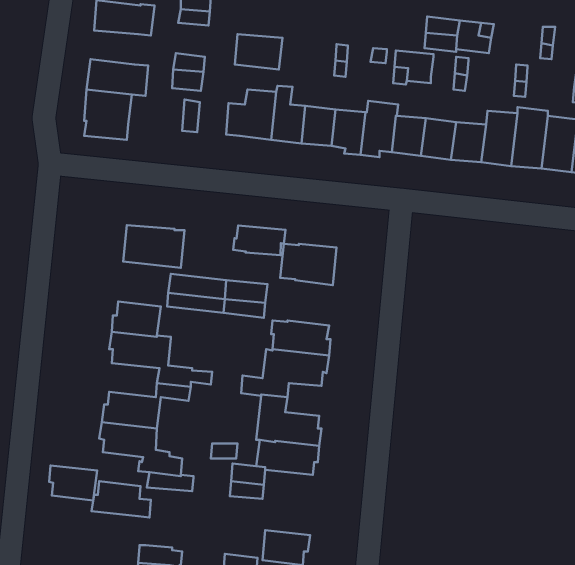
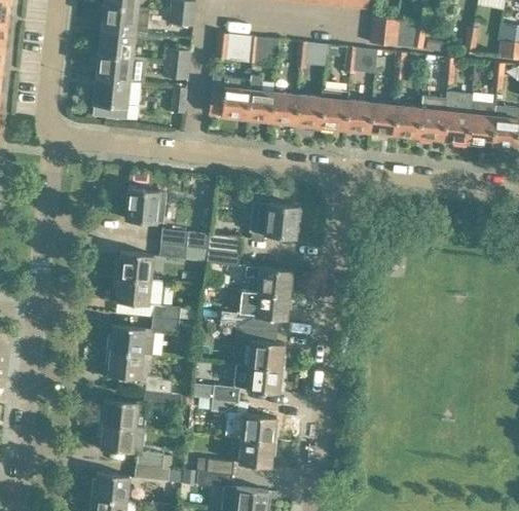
building: none -> [97,30,136,58]
building: none -> [251,36,279,64]
building: [233,226,286,255] -> none
building: [49,465,97,501] -> [97,424,136,452]
building: none -> [239,414,277,443]

